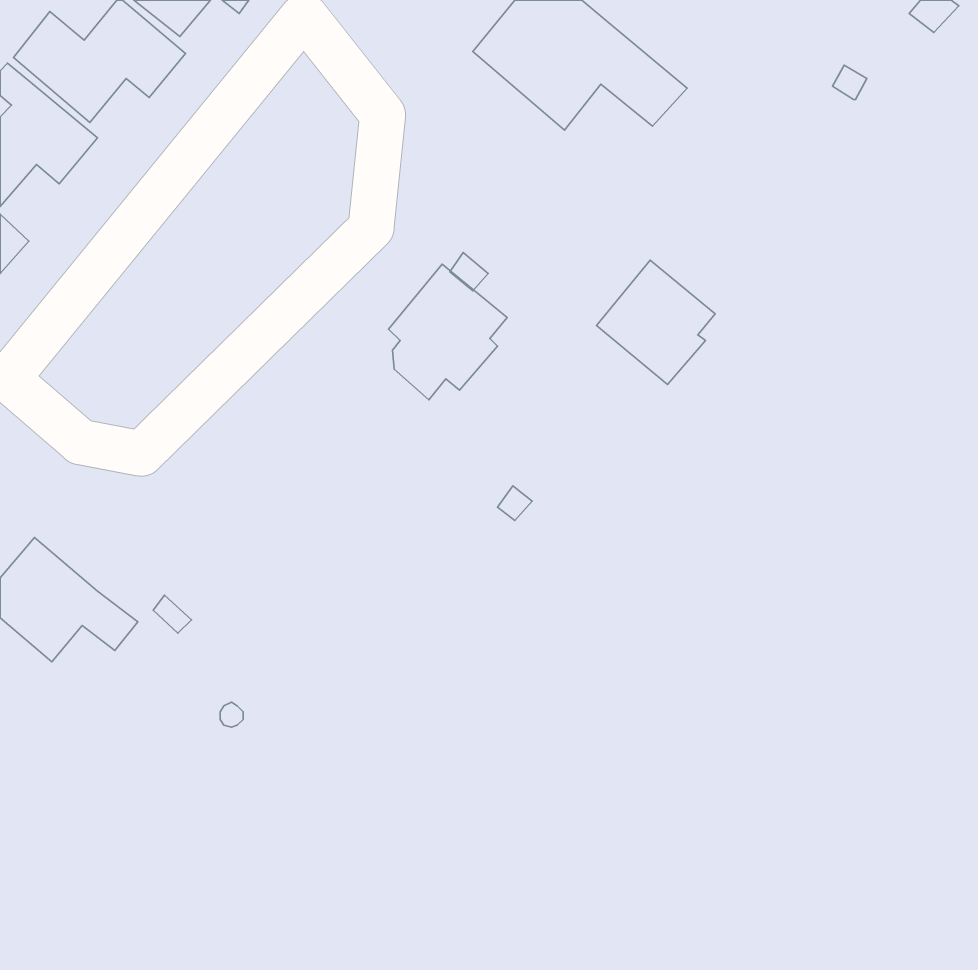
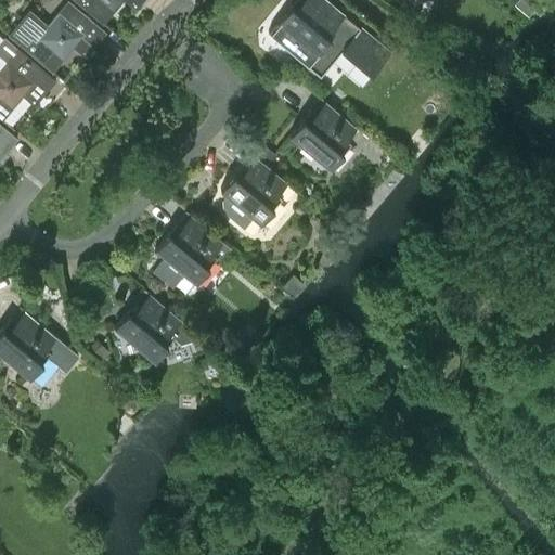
building: [597,260,715,385] -> [289,100,357,170]
building: none -> [153,214,222,289]
building: none -> [114,292,202,362]

